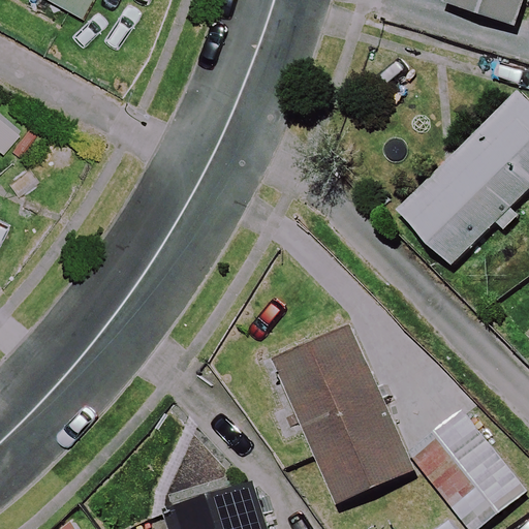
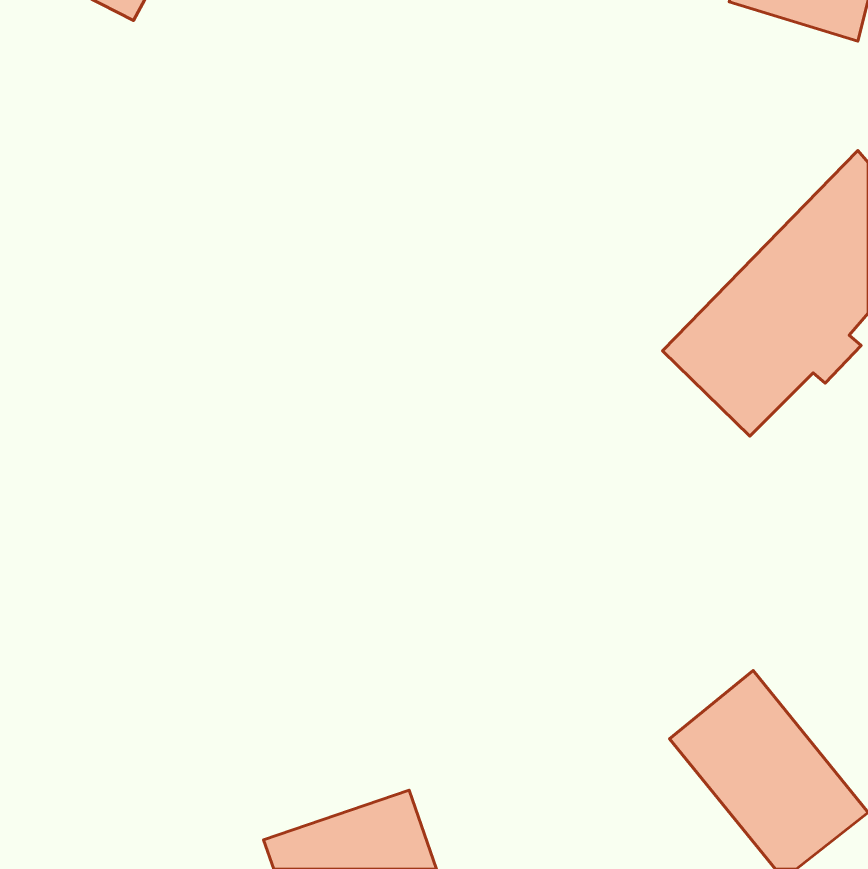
building: [272,328,410,503] -> none

